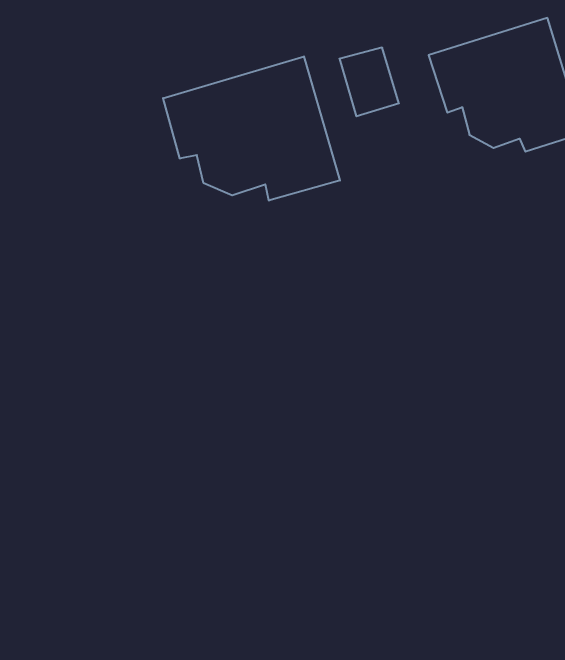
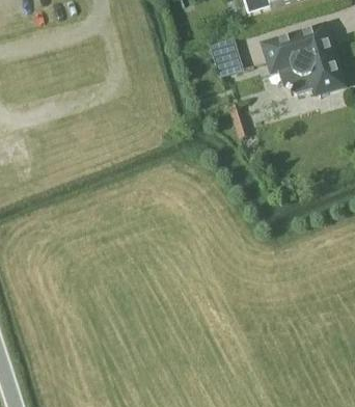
building: [163,56,340,201] -> none

